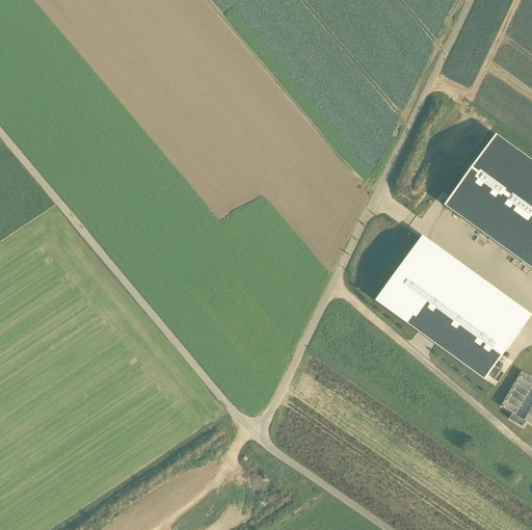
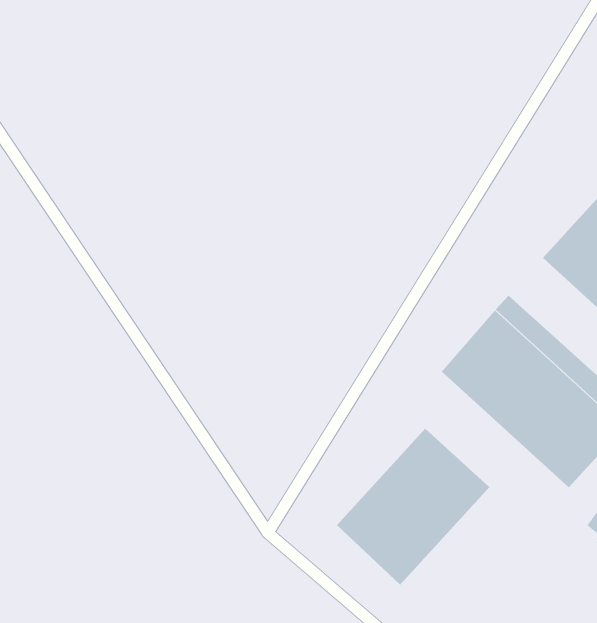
building: none -> [336,428,490,586]

